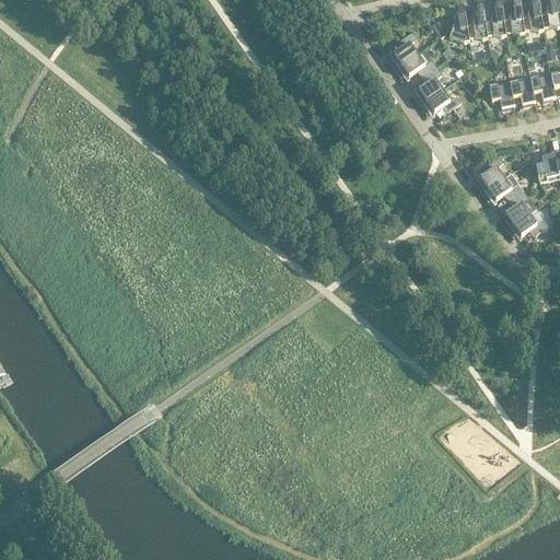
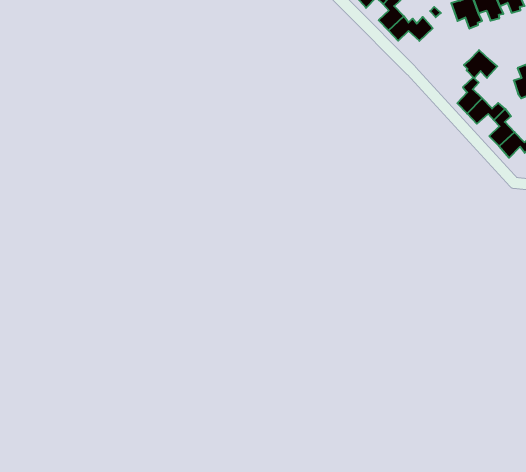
building: none -> [464,50,497,78]

